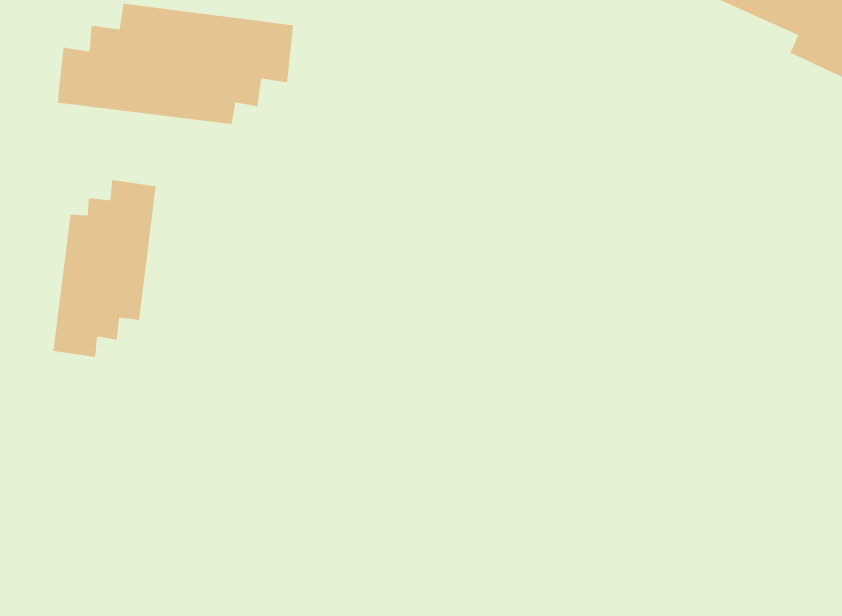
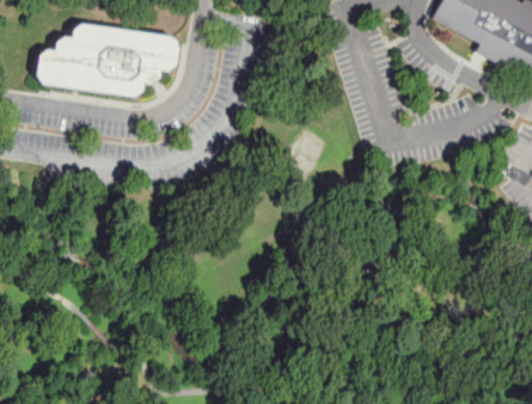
building: [53,179,156,358] -> none

